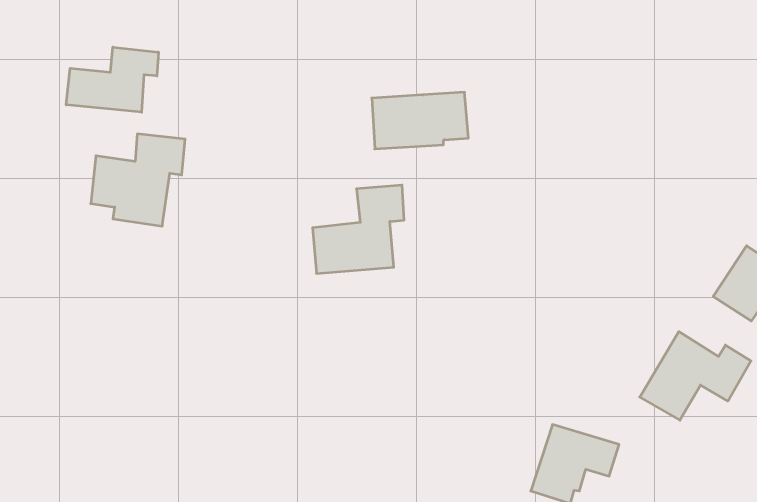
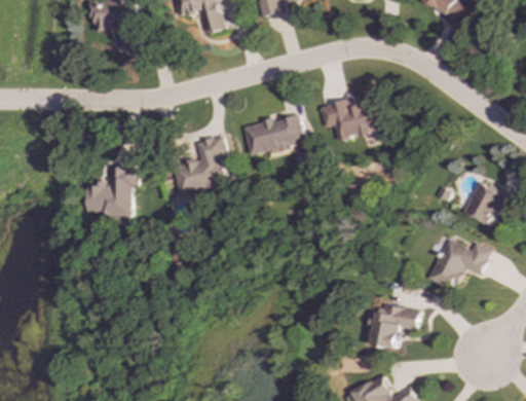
building: [66,47,158,112] -> none
building: none -> [321,99,382,140]
building: [313,185,404,273] -> [174,135,227,194]

